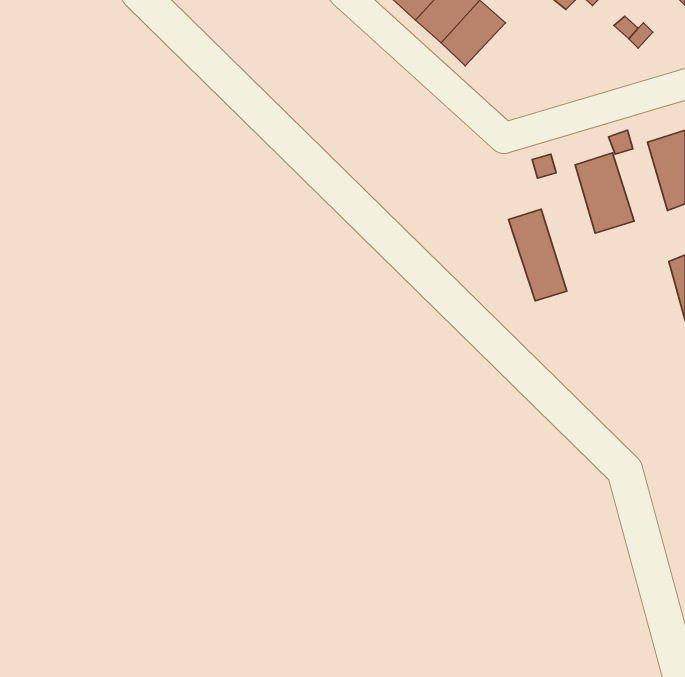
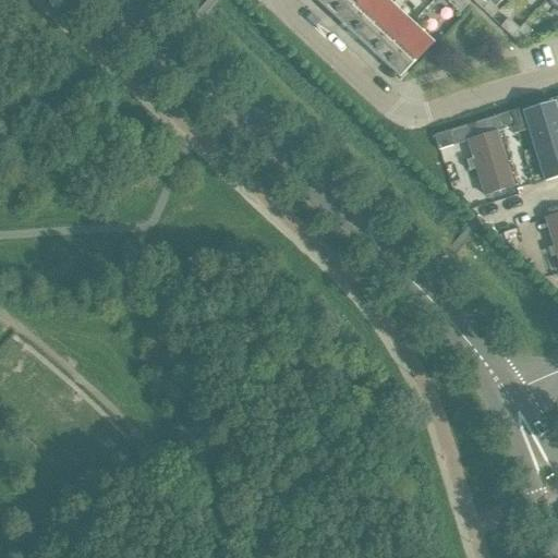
building: none -> [378,19,432,73]
building: [509,209,567,301] -> none

